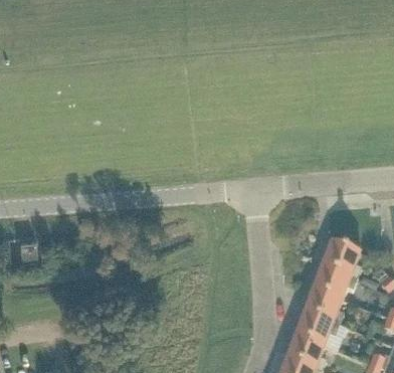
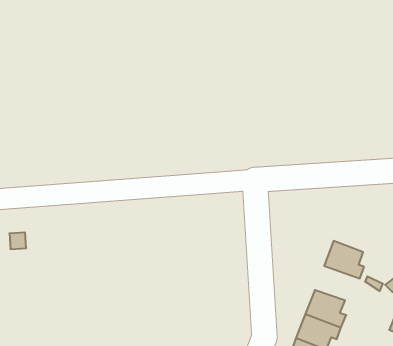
building: [312,266,355,300] -> none

